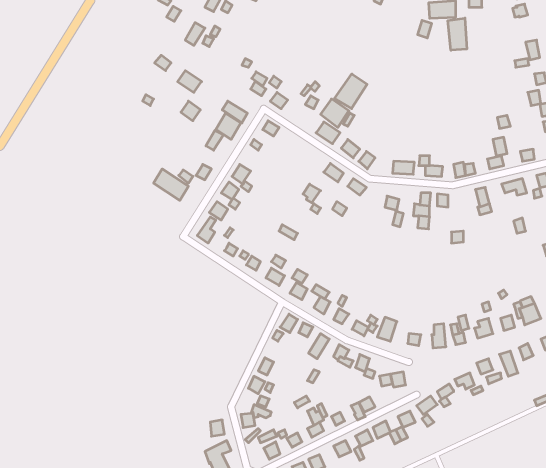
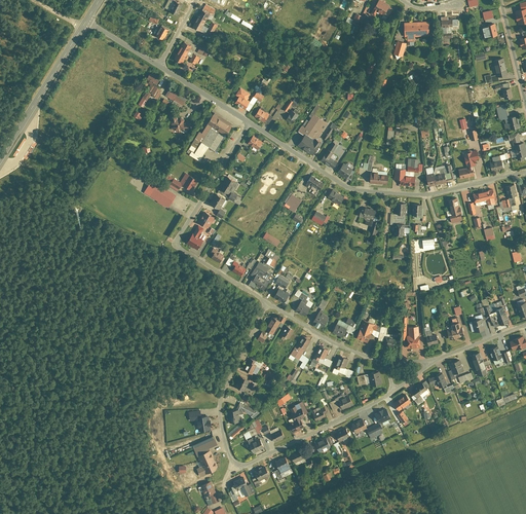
building: [448,18,467,50] -> none
building: [335,74,367,109] -> none

